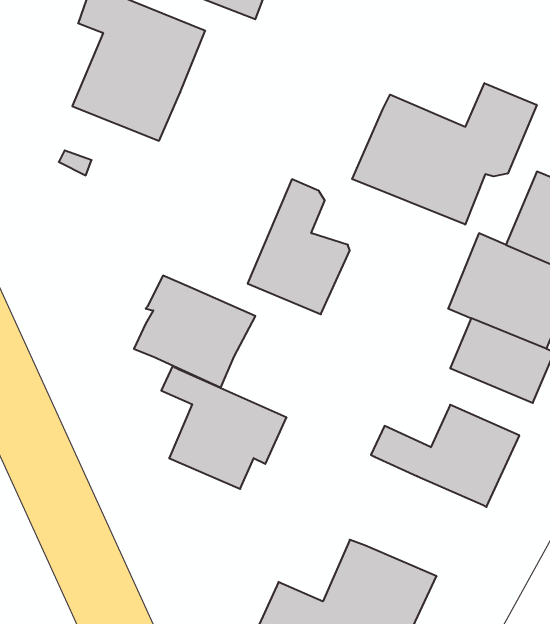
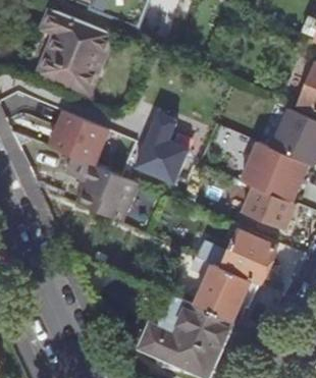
building: [352,83,537,225] -> none
building: none -> [46,109,102,161]
building: [161,366,287,489] -> [192,256,258,321]

